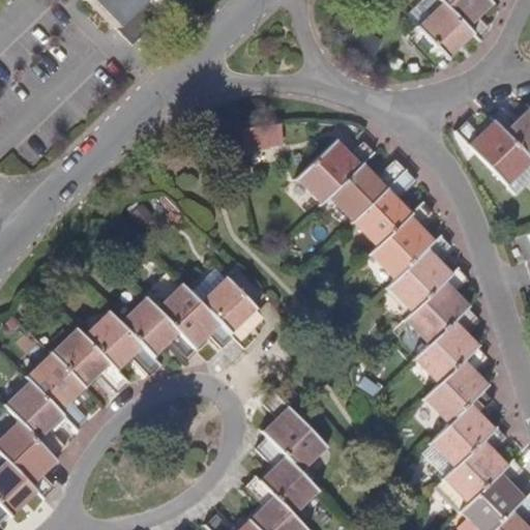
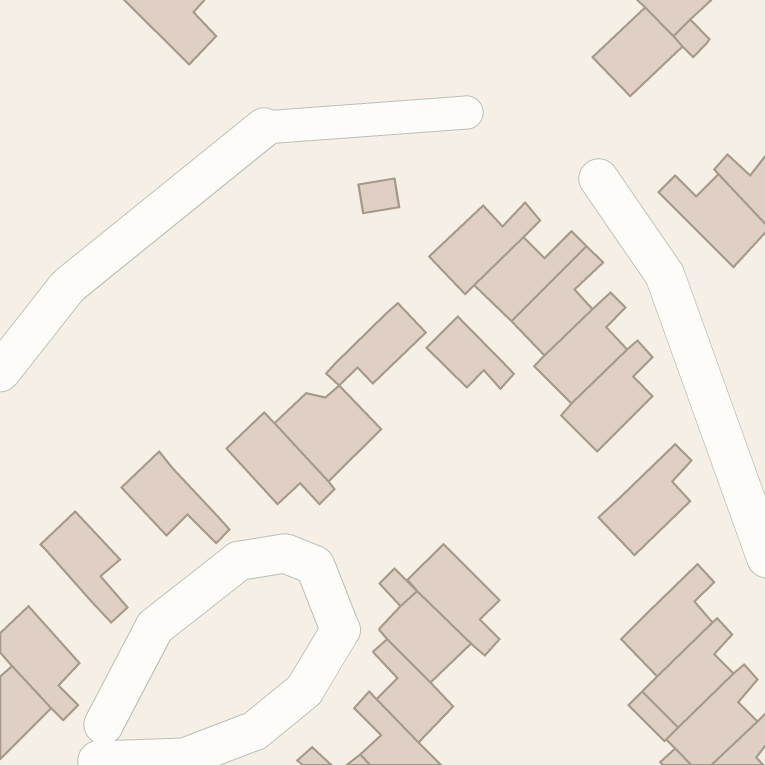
building: none -> [326,303,426,386]
building: none -> [426,317,514,389]
building: [406,268,468,343] -> none
building: [120,298,196,361] -> none
building: [53,328,127,392] -> none
building: [424,346,487,422] -> none
building: none -> [408,544,500,656]
building: [7,379,67,458] -> none

